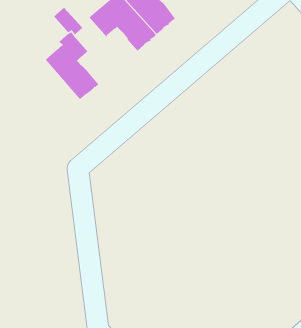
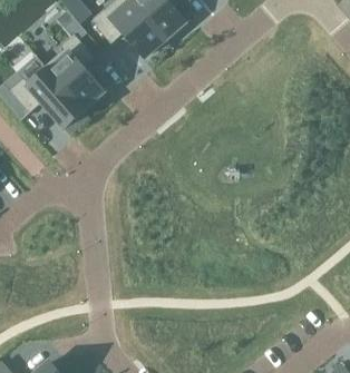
building: none -> [12,66,86,127]

